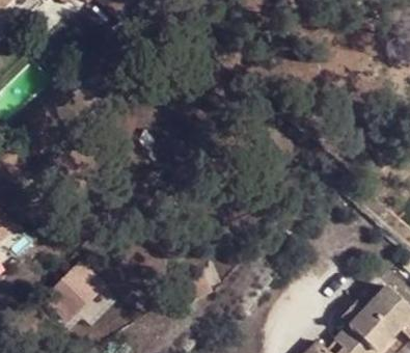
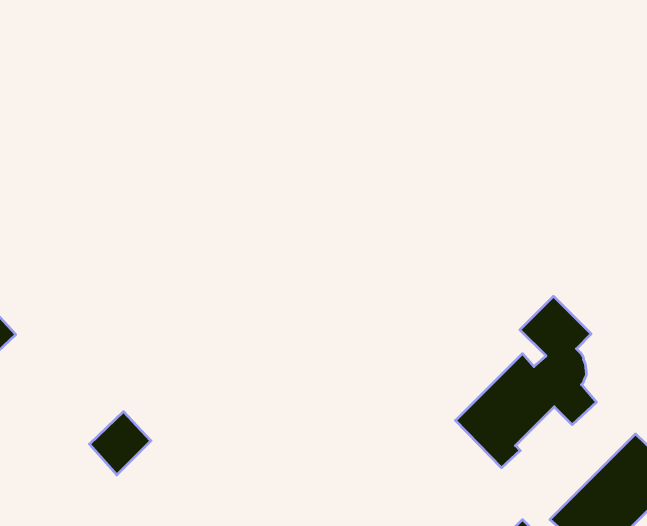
building: none -> [455,296,596,468]

